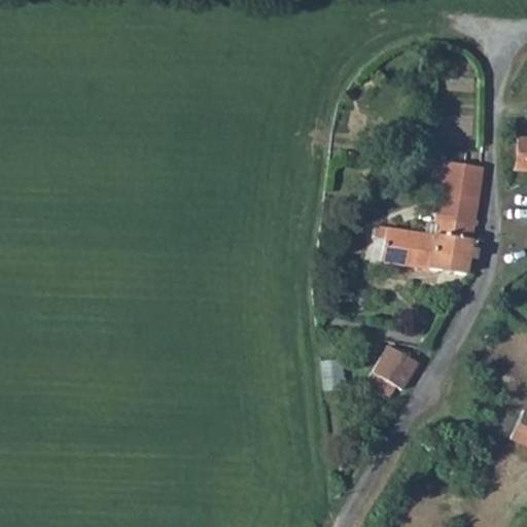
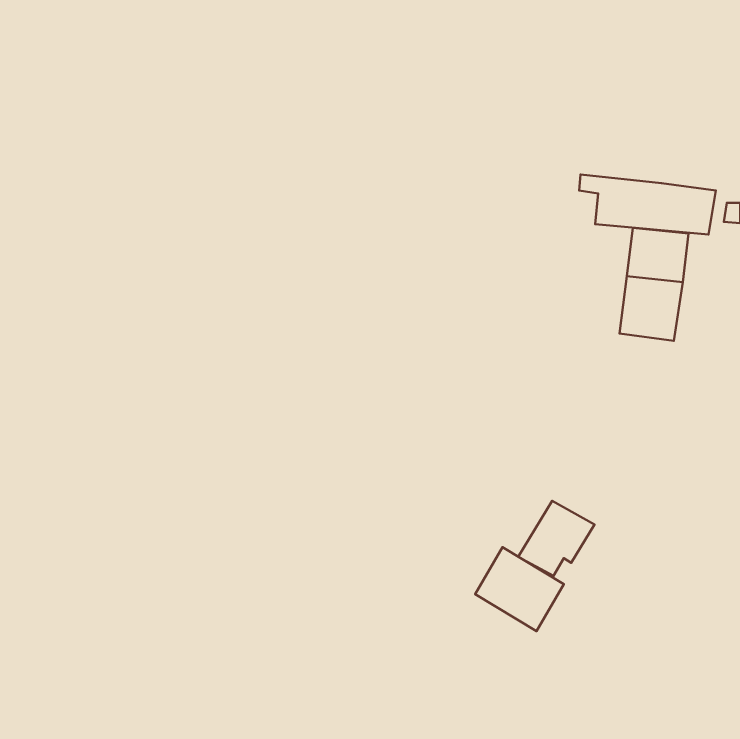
building: [377,227,472,270] -> [579,174,716,235]
building: none -> [475,547,564,631]

